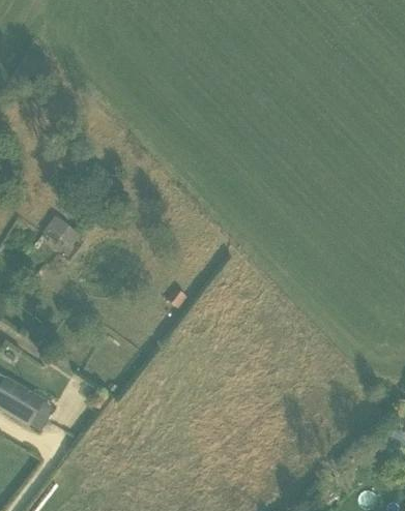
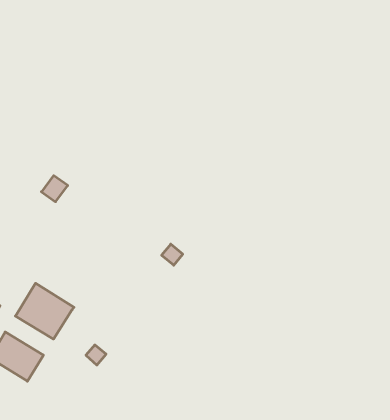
building: none -> [15,283,74,339]

